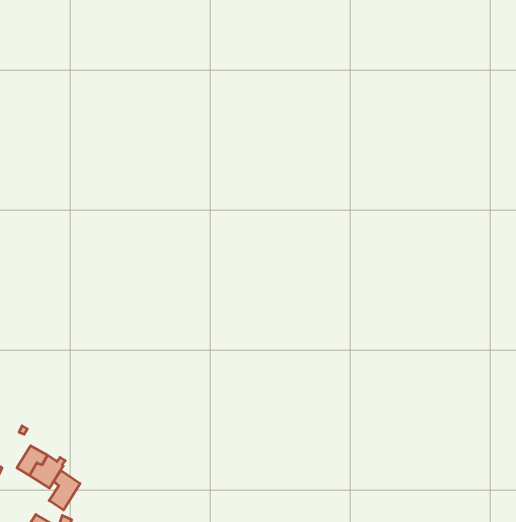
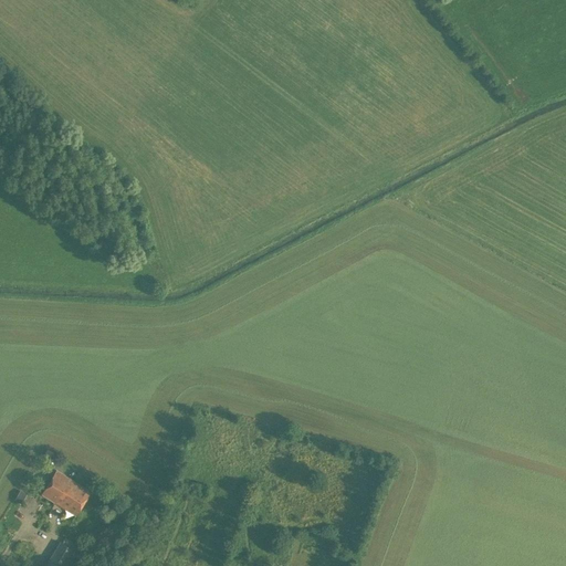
building: [49,471,80,510] -> none

